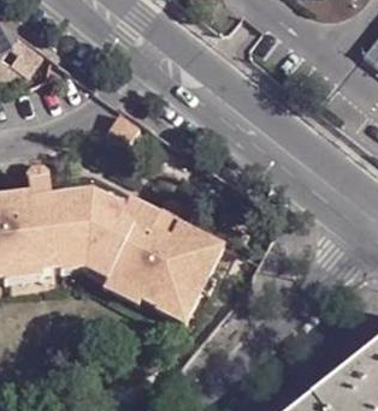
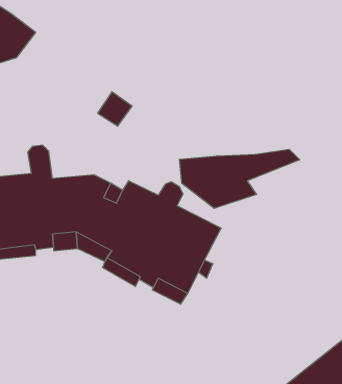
building: none -> [180,149,300,208]

